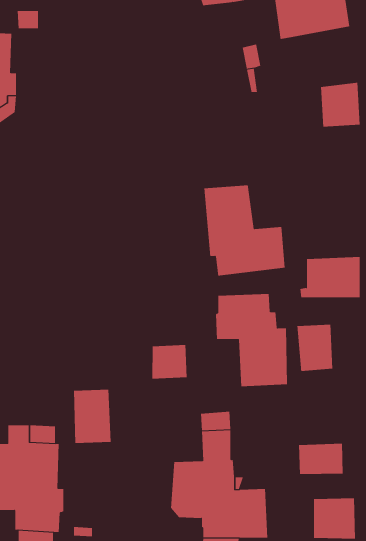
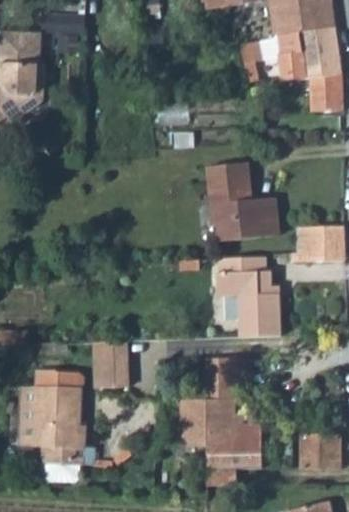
building: none -> [279,25,341,79]
building: [297,324,333,372] -> none
building: [152,344,187,380] -> none
building: [299,443,343,475] -> none

